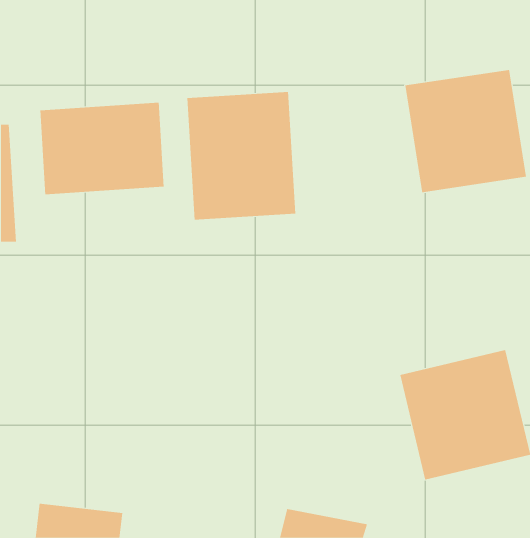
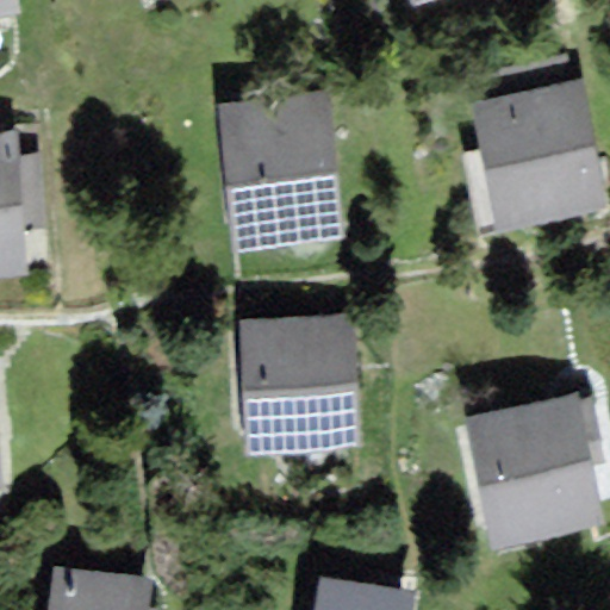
building: [40,102,164,195] -> none
building: none -> [234,316,363,459]

